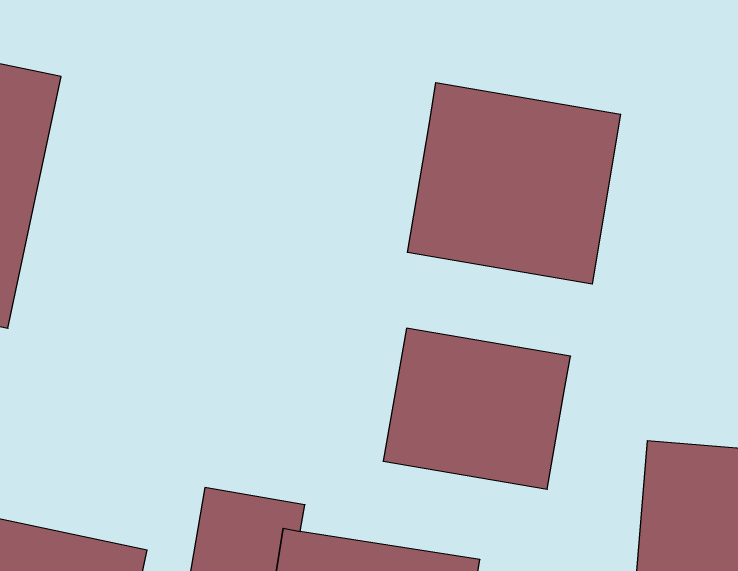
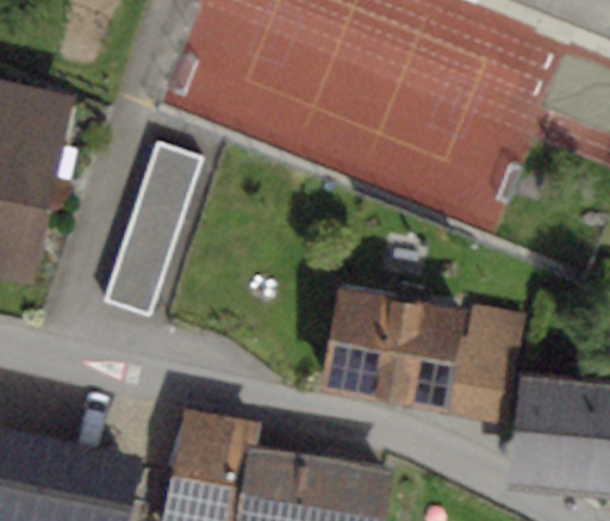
building: [407,83,621,284] -> none
building: none -> [100,142,203,321]
building: none -> [444,304,523,422]

